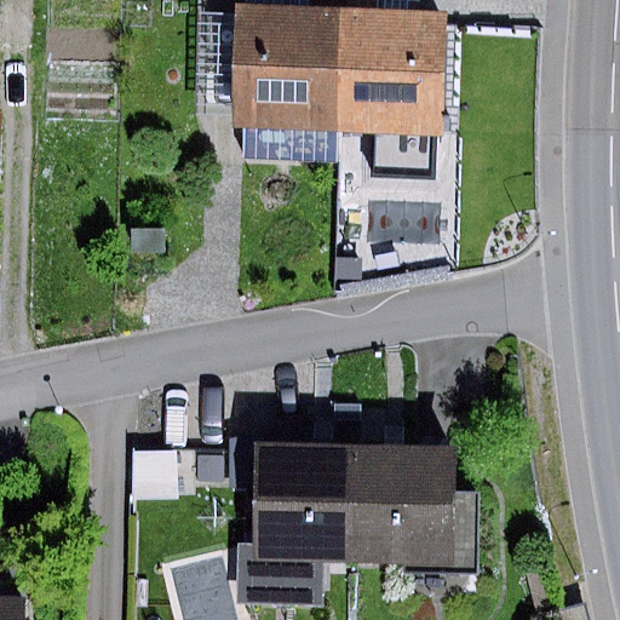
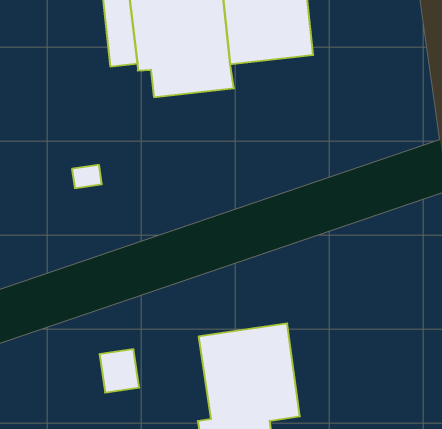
building: [362,446,455,558] -> none

